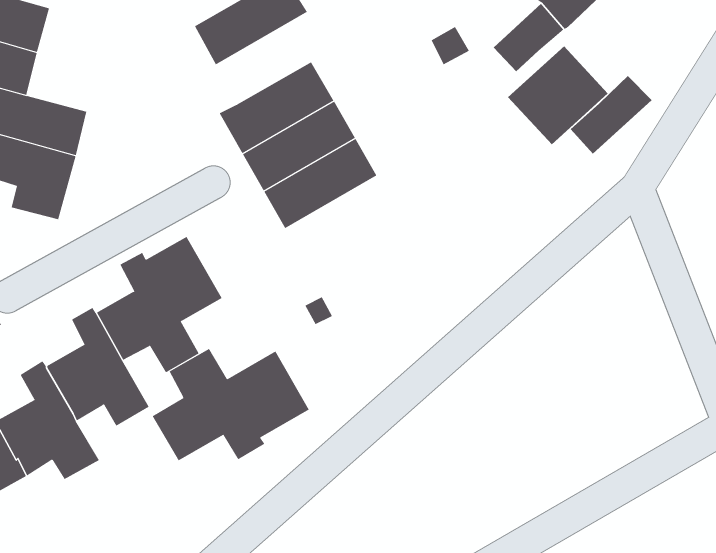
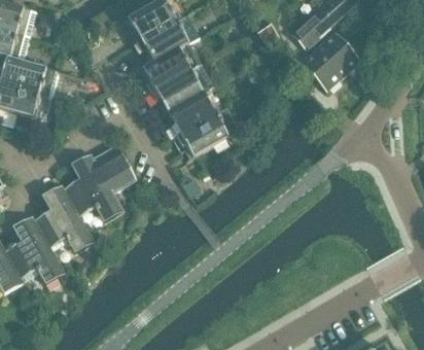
building: none -> [132,13,198,67]
building: [570,75,653,154] -> none
building: none -> [172,108,239,162]
building: [152,348,309,461] -> none

